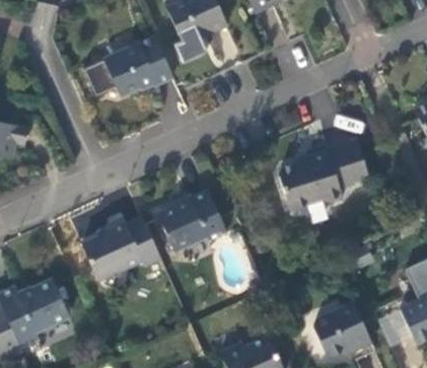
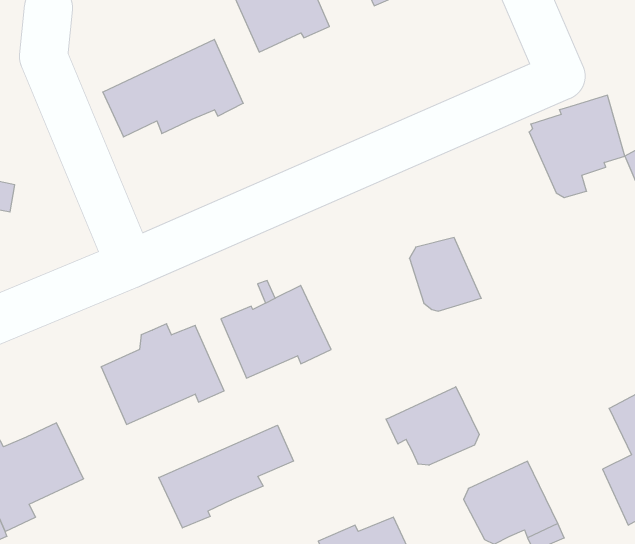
building: [306,138,367,203] -> [529,95,625,198]
building: none -> [386,387,479,465]
building: none -> [159,425,294,528]

